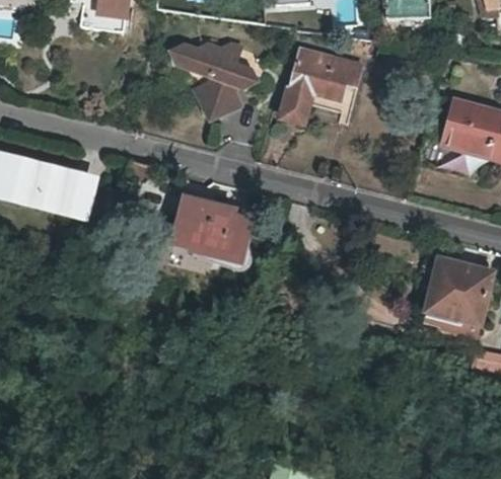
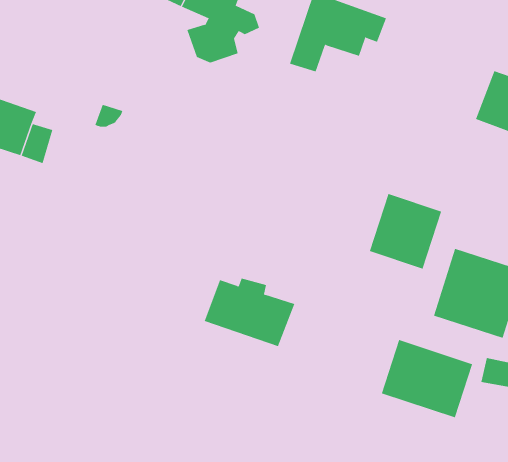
building: [171,205,247,260] -> [204,278,295,347]
building: none -> [369,193,442,269]
building: none -> [381,339,473,418]

